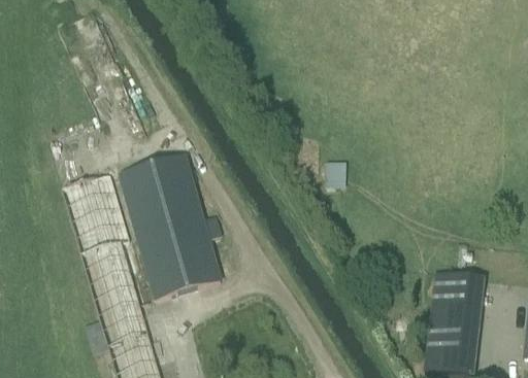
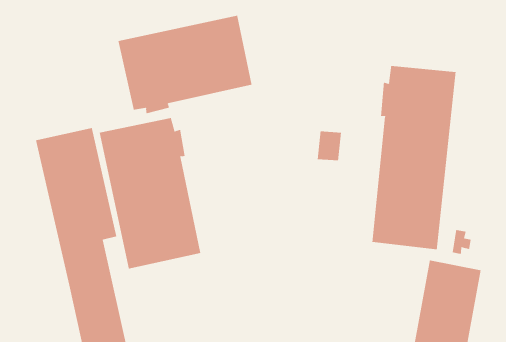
building: none -> [118,15,252,114]
building: none -> [372,65,456,250]

